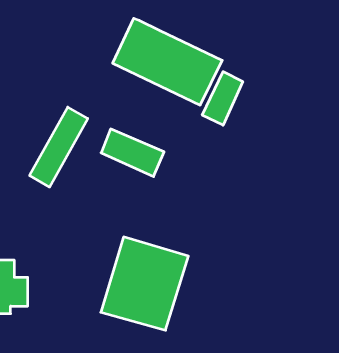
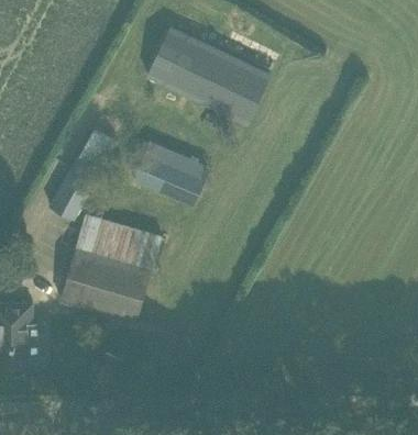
building: [202,72,243,125] -> none
building: [101,237,188,330] -> [61,214,162,322]

